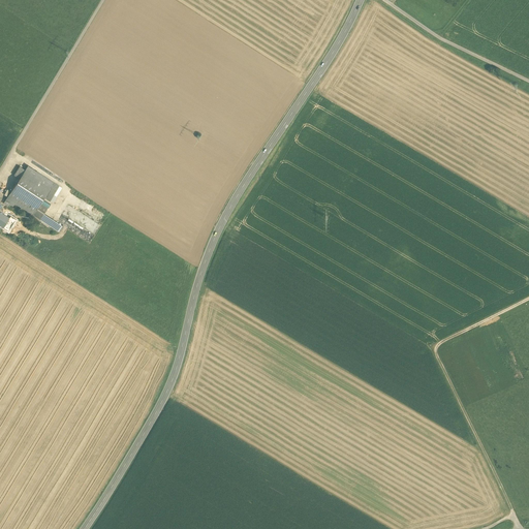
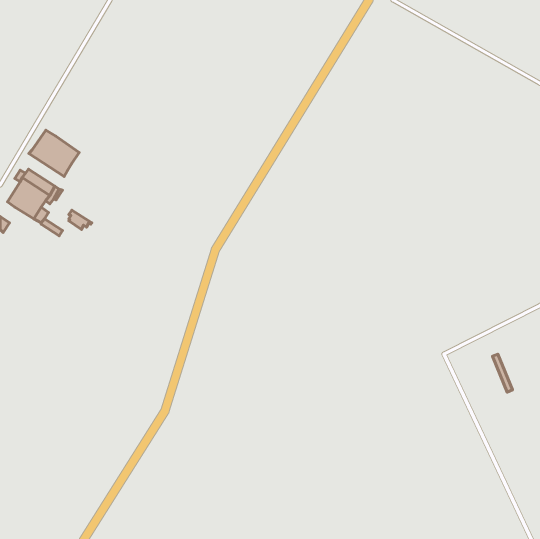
building: none -> [29,130,79,177]

